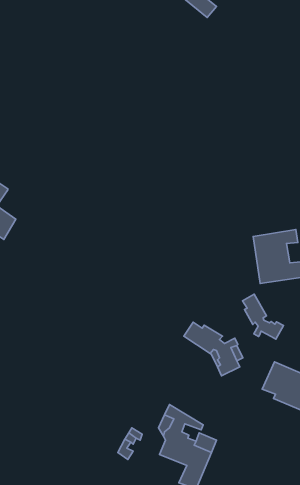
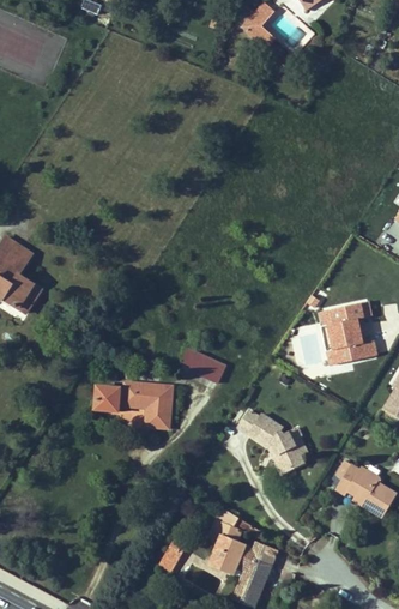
building: none -> [192,352,226,382]
building: [243,294,284,339] -> none
building: none -> [96,382,174,428]

